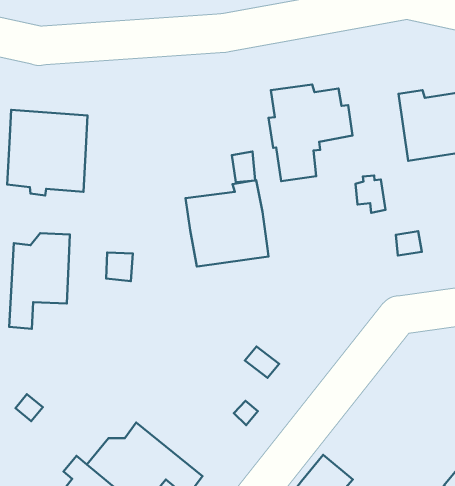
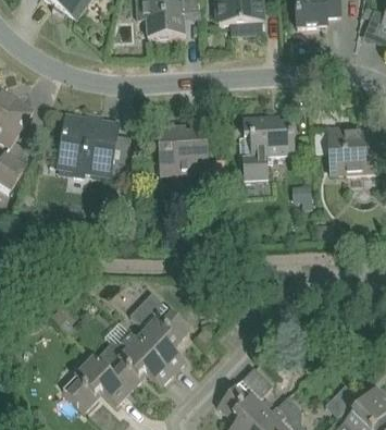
building: [185,180,268,267] -> [155,120,208,174]
building: [9,233,70,329] -> none
building: none -> [128,292,188,373]

